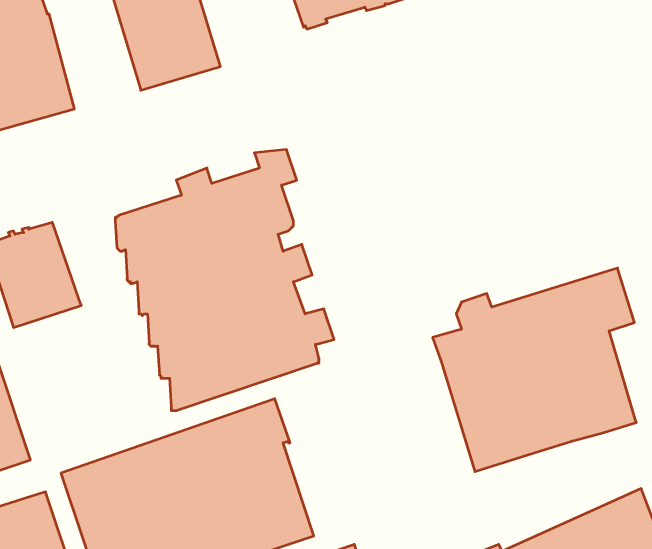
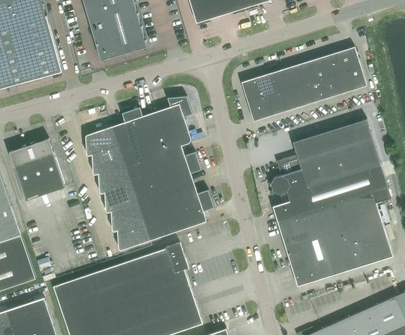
building: none -> [241,47,366,121]
building: none -> [270,119,381,195]

